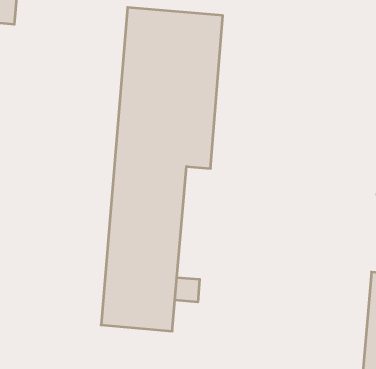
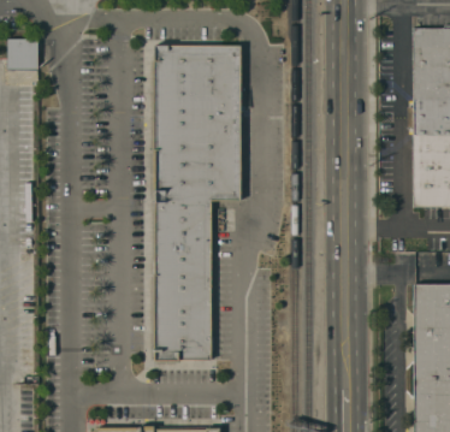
building: [175,277,200,302] -> none

